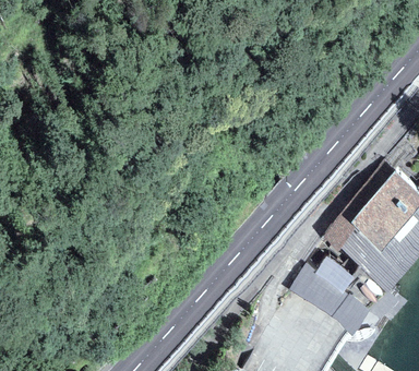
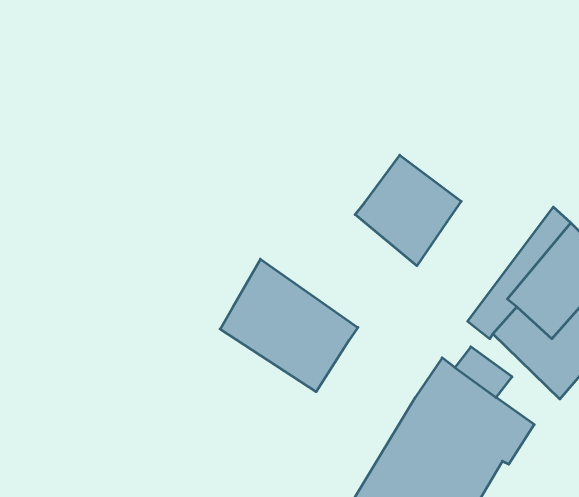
building: none -> [355,155,461,266]
building: none -> [220,259,358,392]

